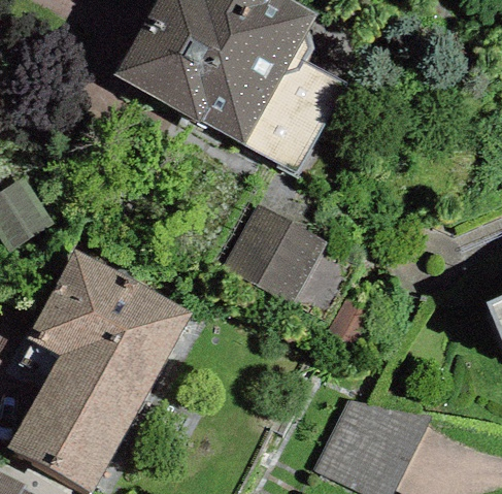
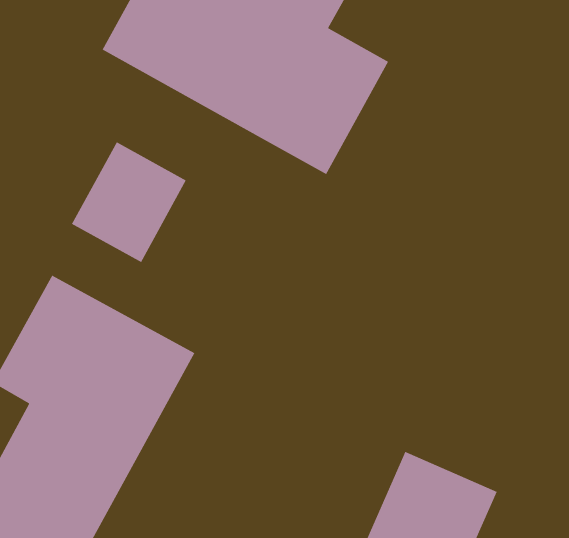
building: none -> [71,141,187,263]
building: [224,205,324,304] -> none

